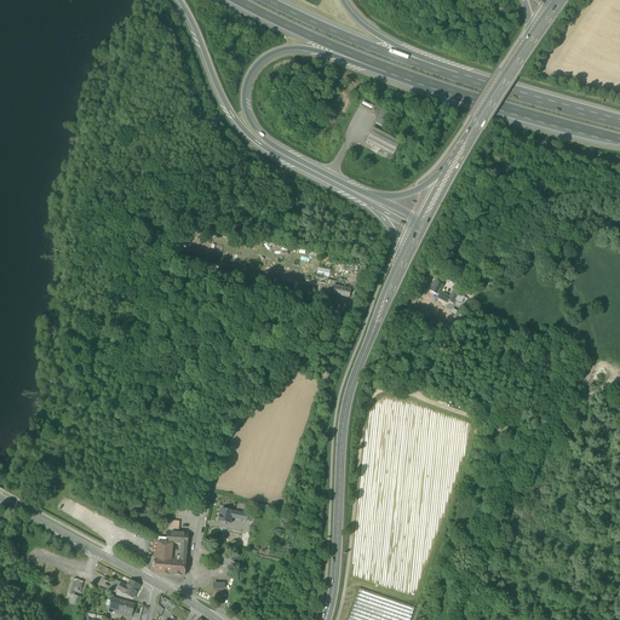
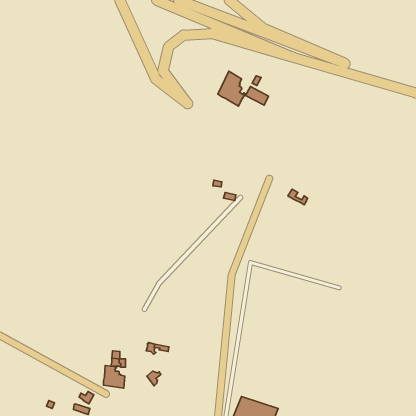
building: none -> [218,71,246,106]

